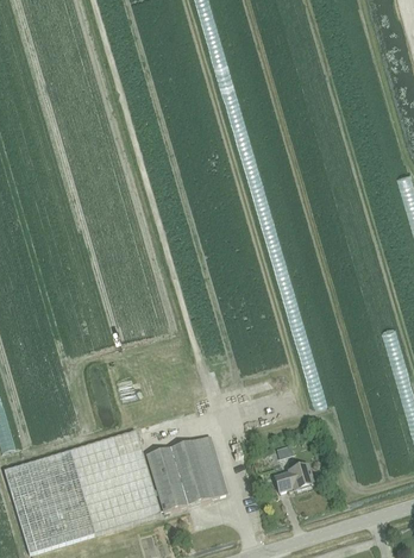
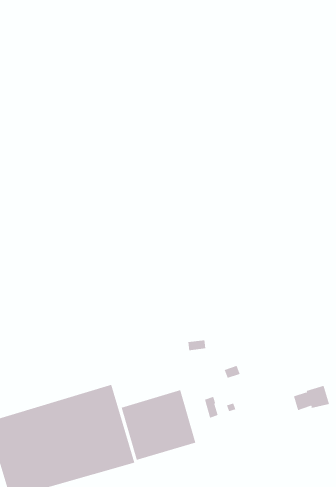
building: [275,463,314,490] -> [293,385,330,411]

